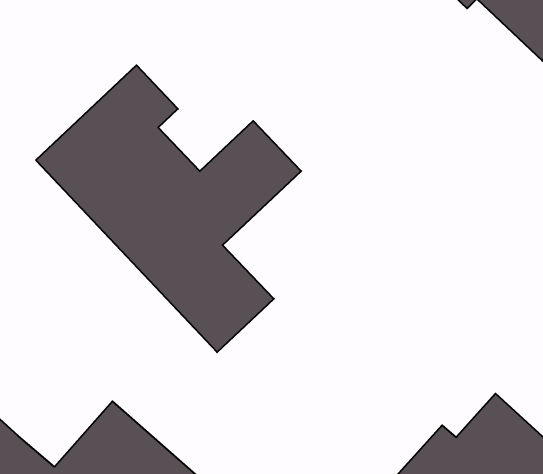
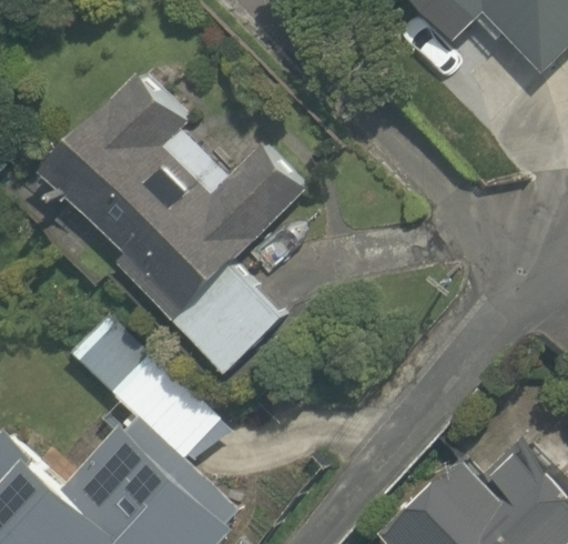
building: none -> [63,310,226,469]

